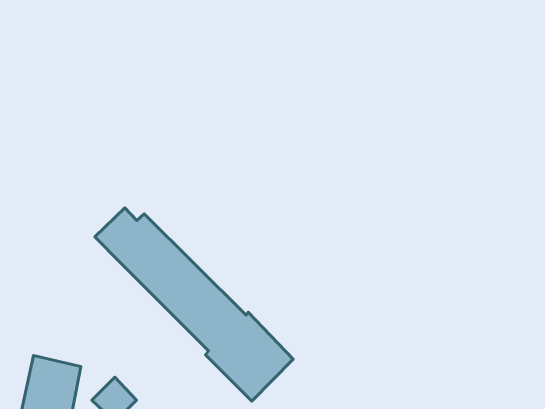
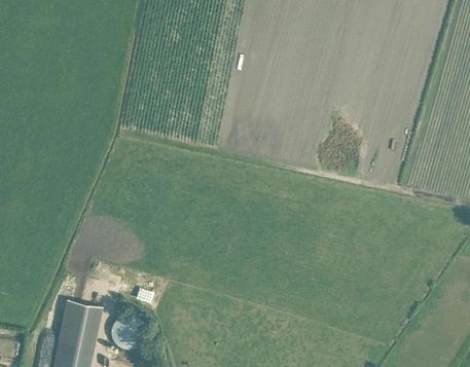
building: [95,208,293,401] -> none

